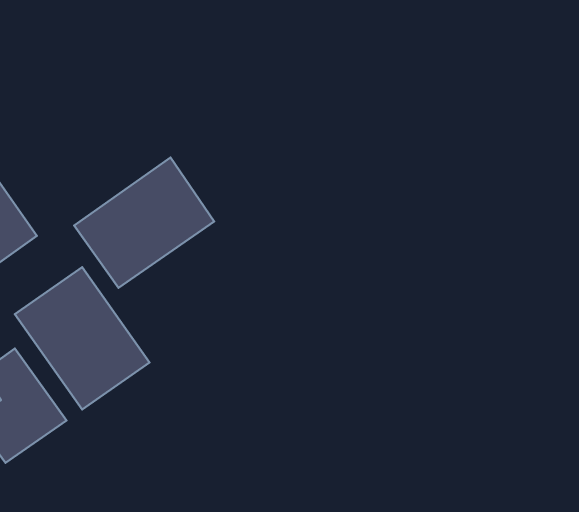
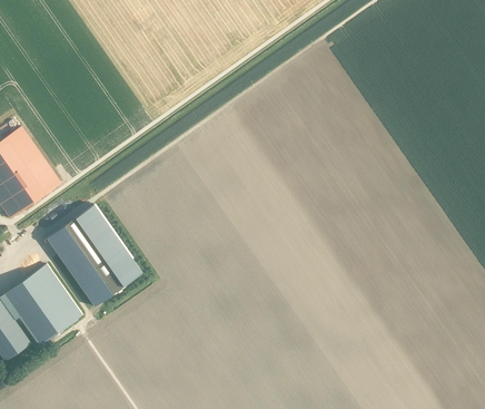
building: [74,157,214,288] -> none

